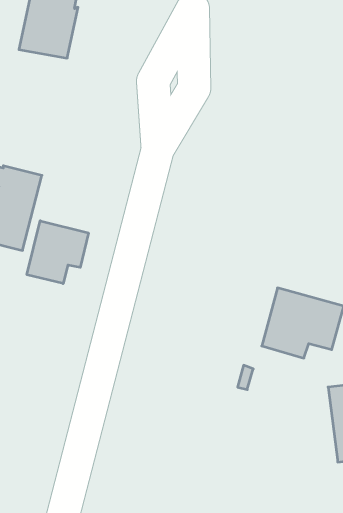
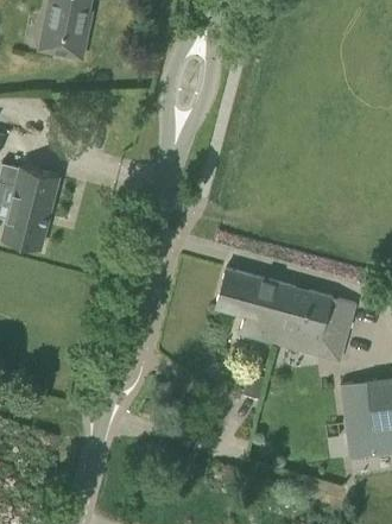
building: [27,221,88,284] -> none
building: none -> [215,269,291,343]

